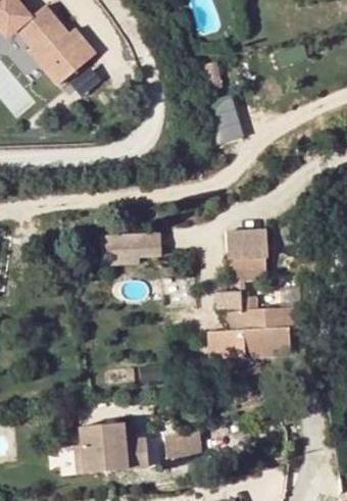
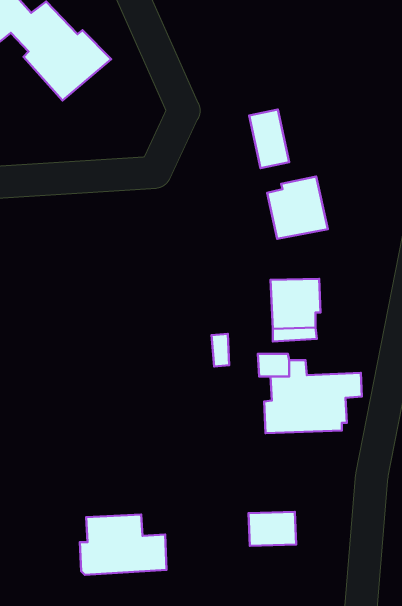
building: none -> [267,177,328,239]
building: [99,231,163,265] -> none
building: [164,431,203,458] -> [248,512,296,546]

